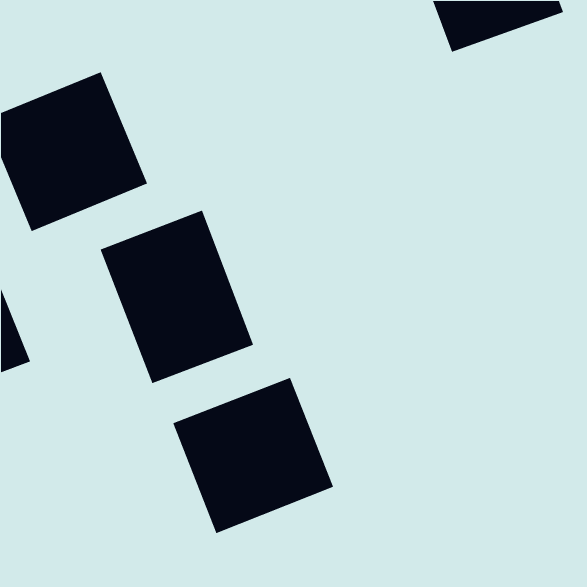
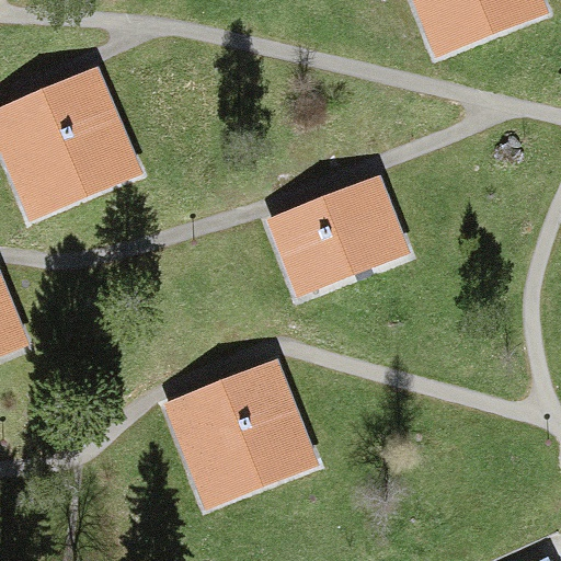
building: none -> [267,175,408,295]
building: [100,210,254,384] -> none

